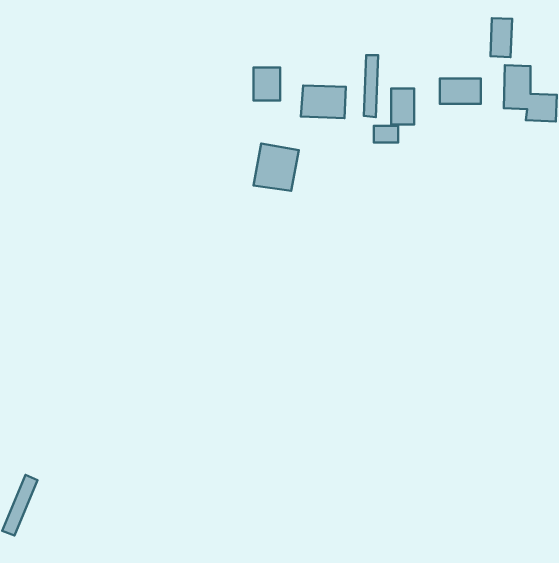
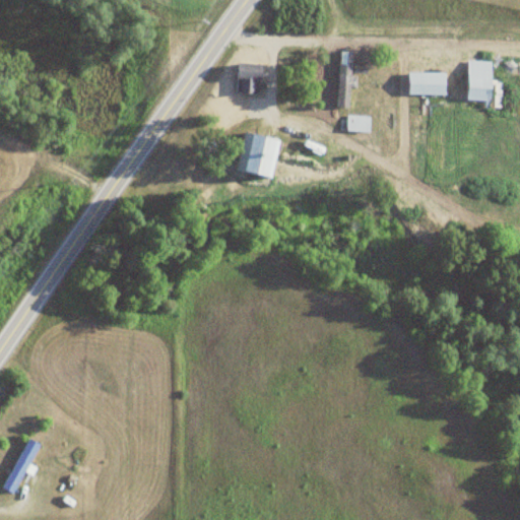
building: [490,18,512,57] -> none
building: [301,86,346,118] -> none
building: [391,88,414,125] -> none

